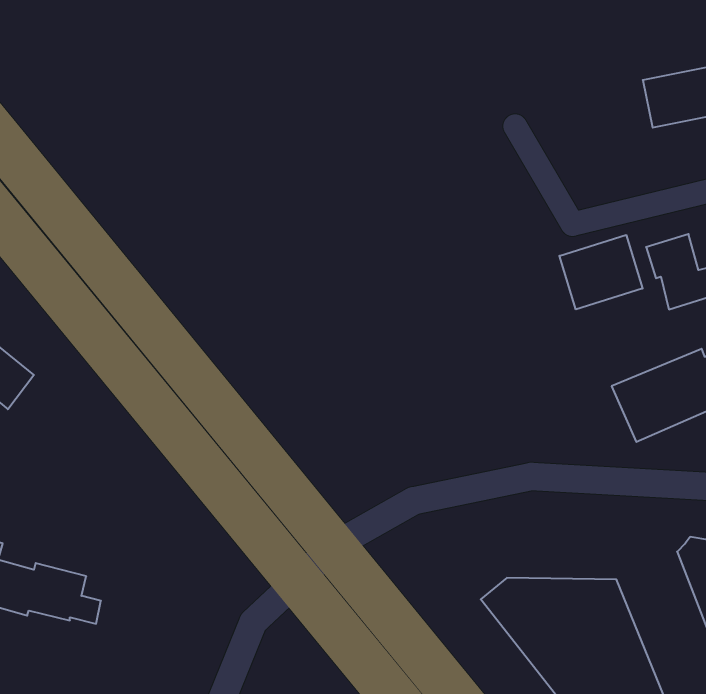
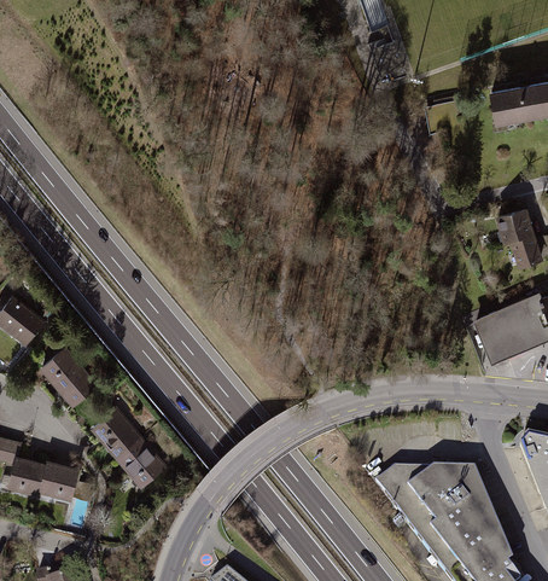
building: [559,235,643,309] -> none
building: none -> [40,342,100,403]
building: none -> [92,403,168,484]

